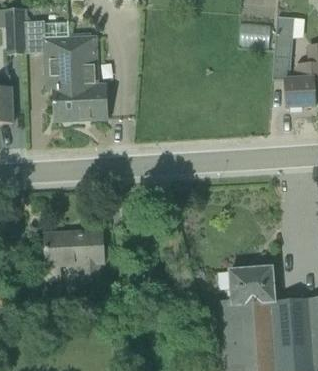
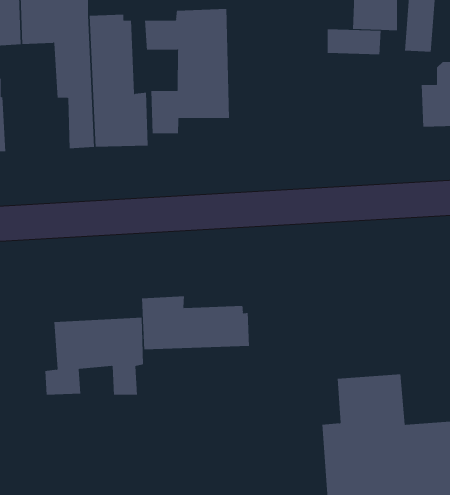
building: none -> [145,8,230,134]
building: none -> [327,28,381,55]
building: none -> [141,295,249,350]

